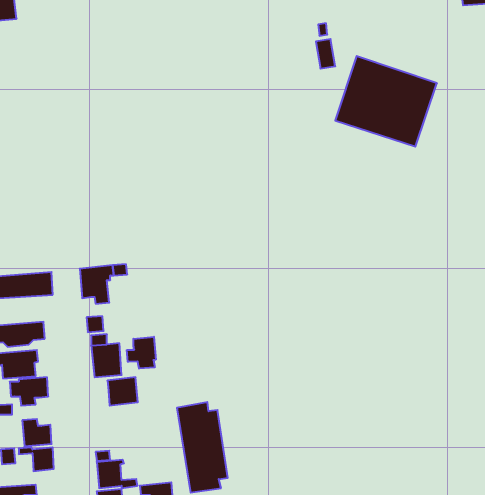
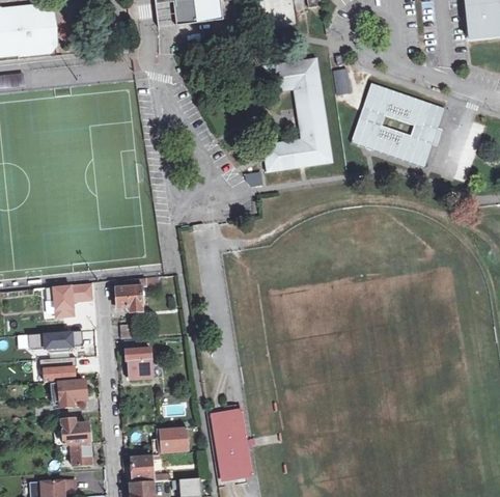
building: none -> [262,59,331,173]
building: [127,337,156,369] -> none
building: [107,377,138,406] -> [161,425,189,451]

